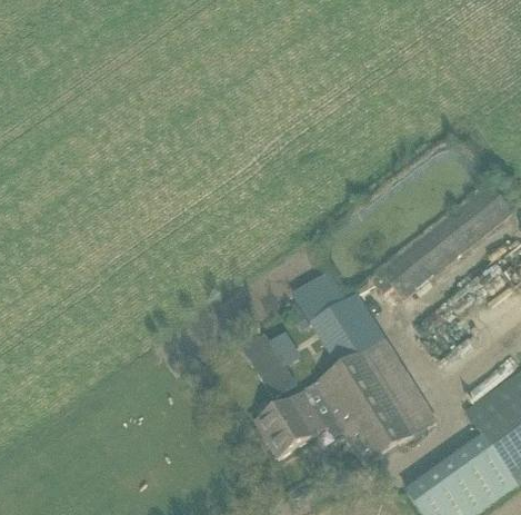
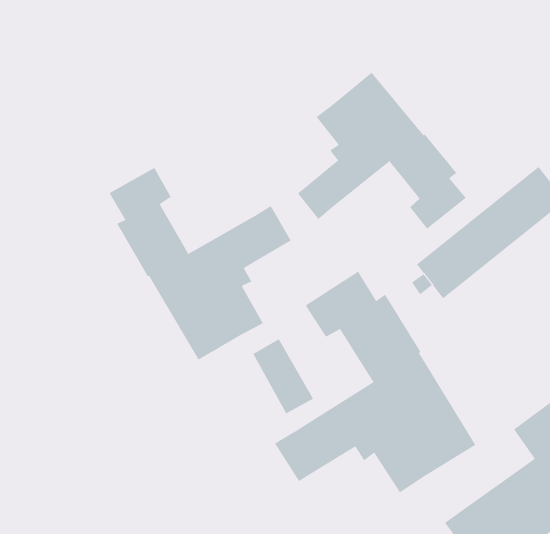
building: none -> [297,72,467,230]
building: none -> [109,167,291,361]

